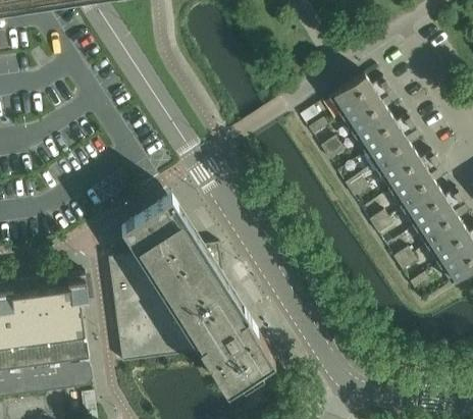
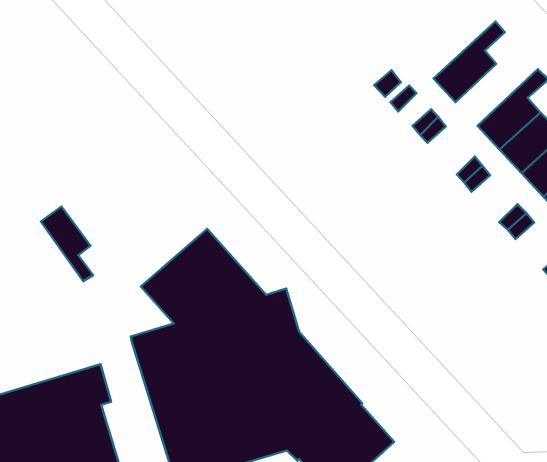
building: [328,77,388,117] -> none
building: [353,114,412,154] -> none
building: none -> [41,207,93,281]

